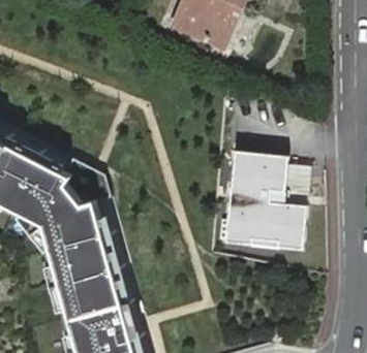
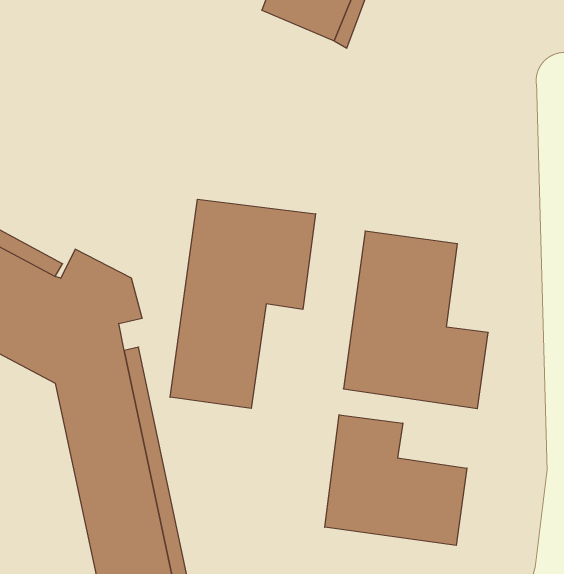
building: none -> [170,199,316,408]
building: none -> [325,415,467,545]

